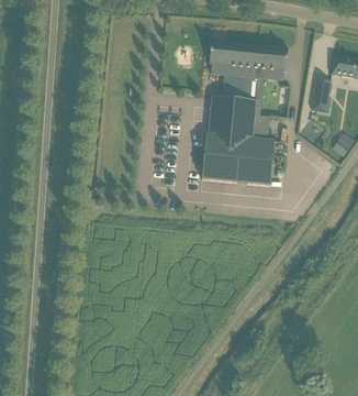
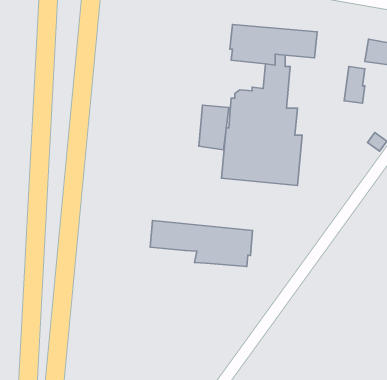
building: none -> [199,105,229,150]
building: none -> [150,221,253,266]

